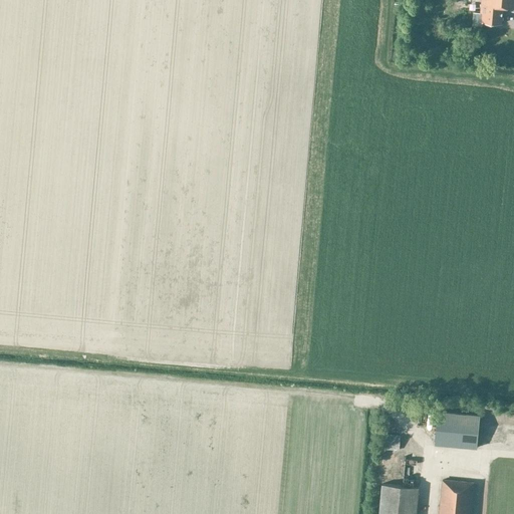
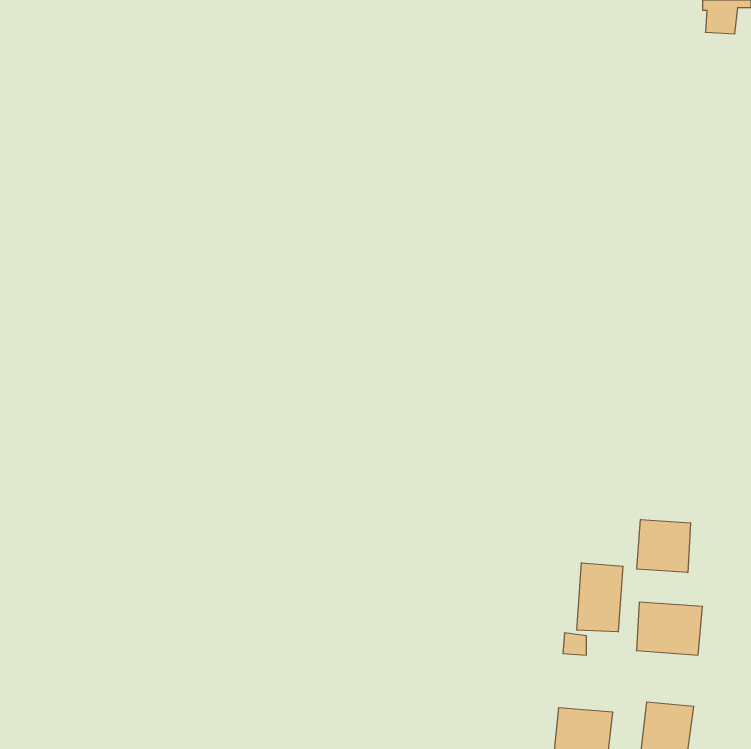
building: none -> [637,519,690,573]
building: none -> [577,563,623,632]

